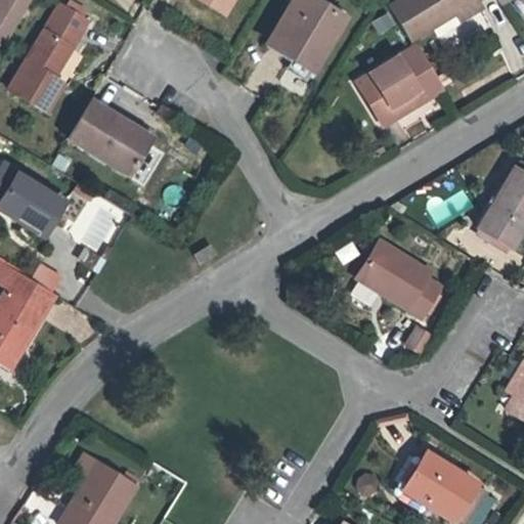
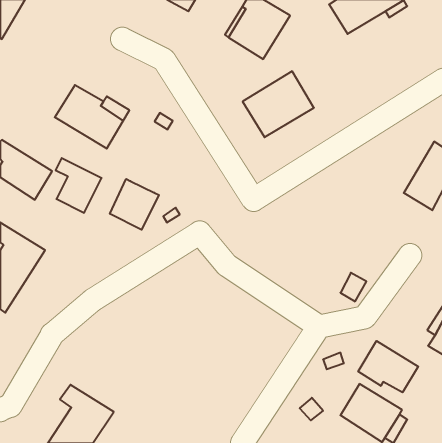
building: [8,4,88,113] -> none
building: [357,46,441,124] -> [243,71,314,137]
building: none -> [110,179,159,230]
building: [358,242,440,315] -> none
building: none -> [358,341,418,392]

